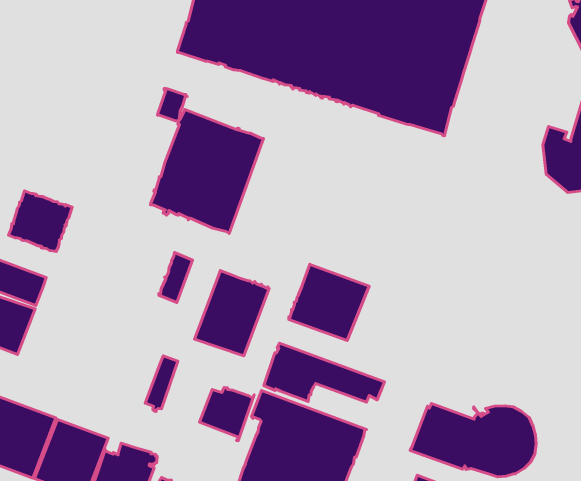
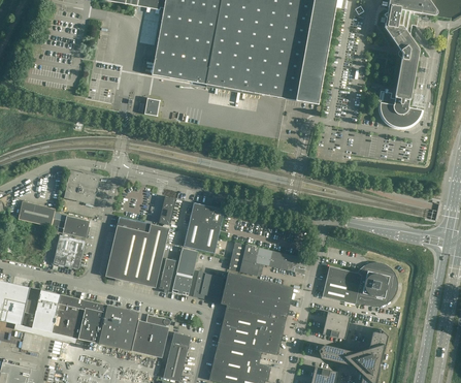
building: [151,110,264,234] -> [106,217,169,288]
building: [289,264,369,341] -> none
building: none -> [172,248,198,295]

